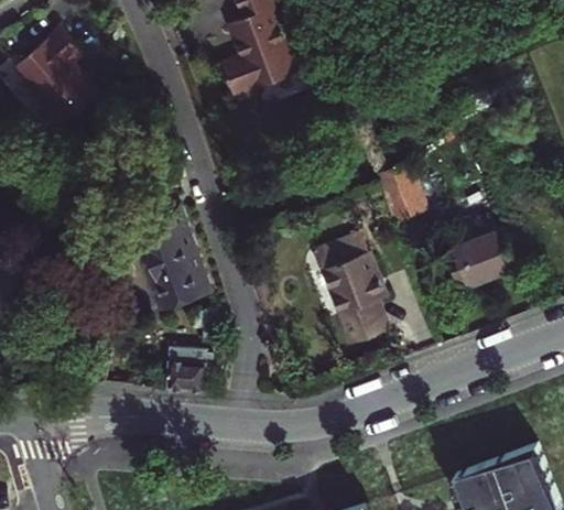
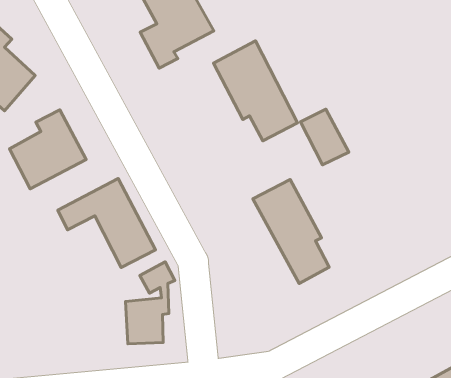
building: none -> [214,41,297,141]
building: none -> [9,110,86,189]
building: [446,232,513,290] -> none

